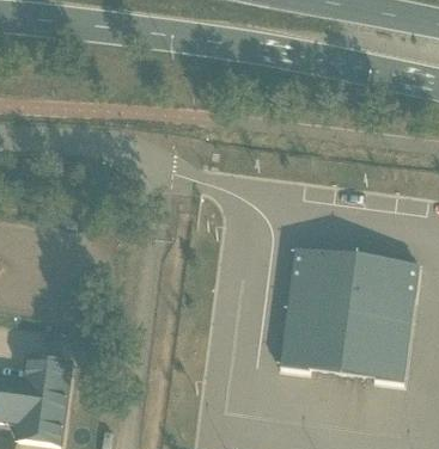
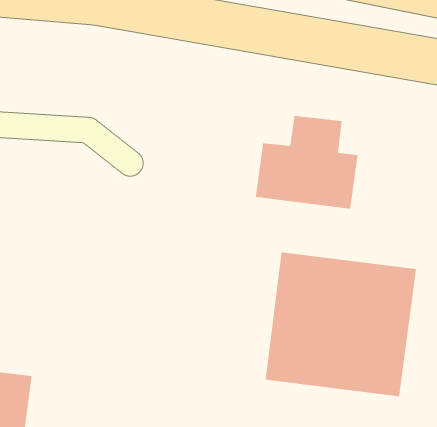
building: none -> [255,115,358,209]

